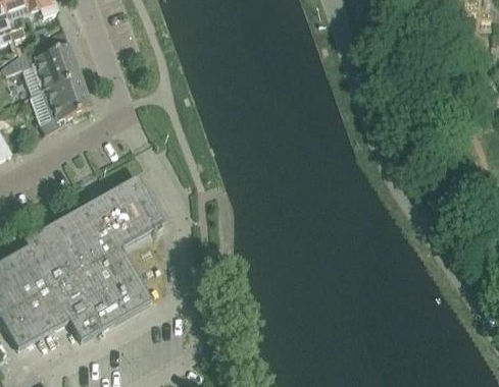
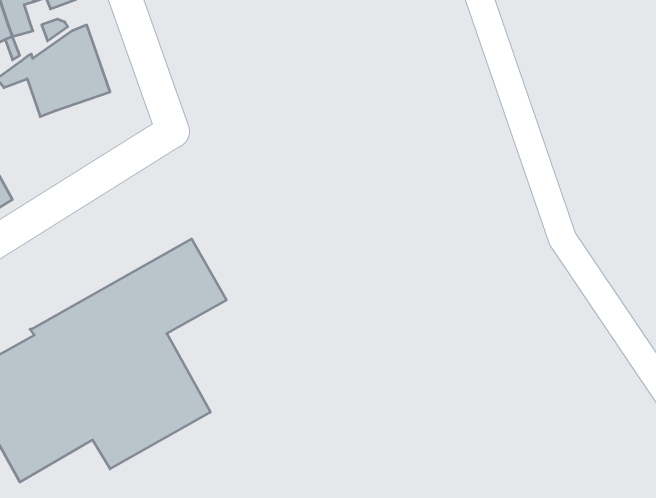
building: [29,76,91,133] -> none

